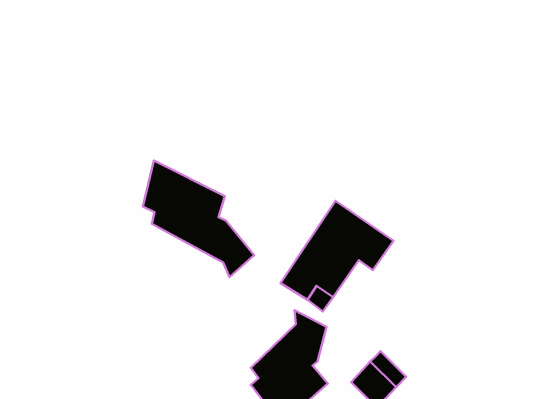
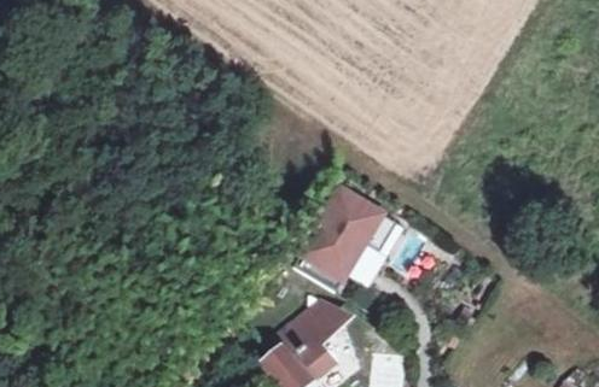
building: [143,160,254,277] -> none

